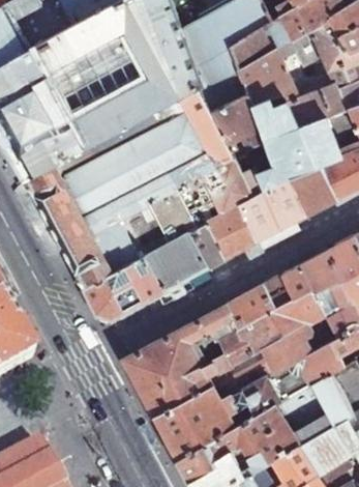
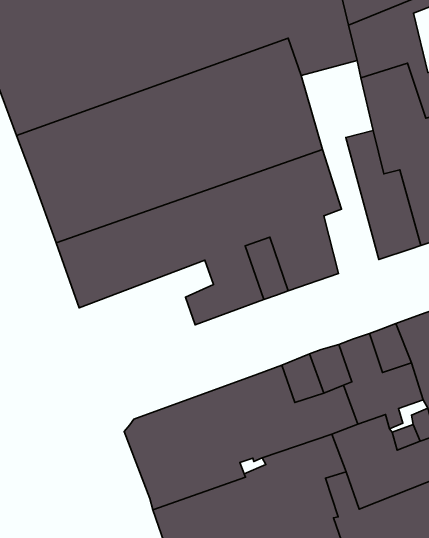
building: [212,93,282,238] -> none
building: [86,242,174,315] -> none

